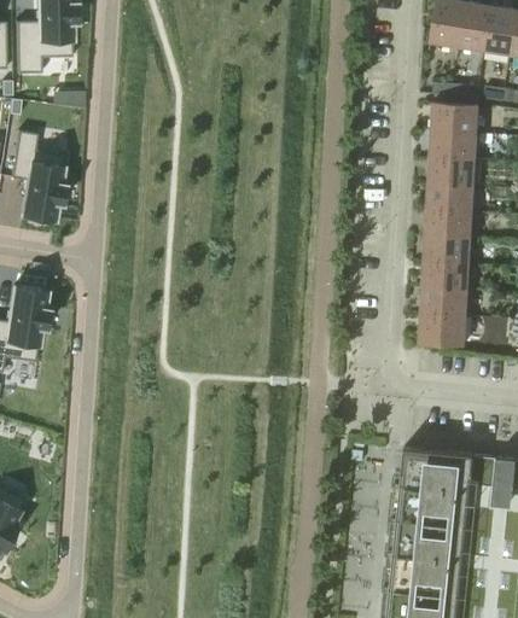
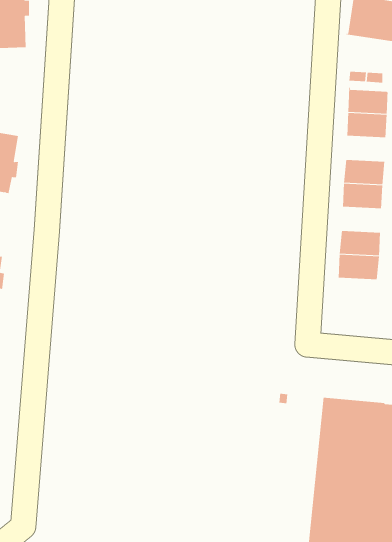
building: [430,156,476,185] -> none
building: [425,235,471,264] -> none
building: [420,315,466,345] -> none

